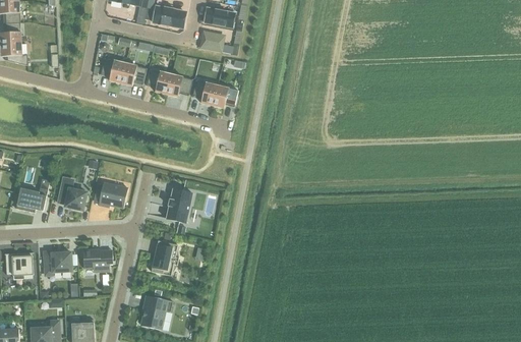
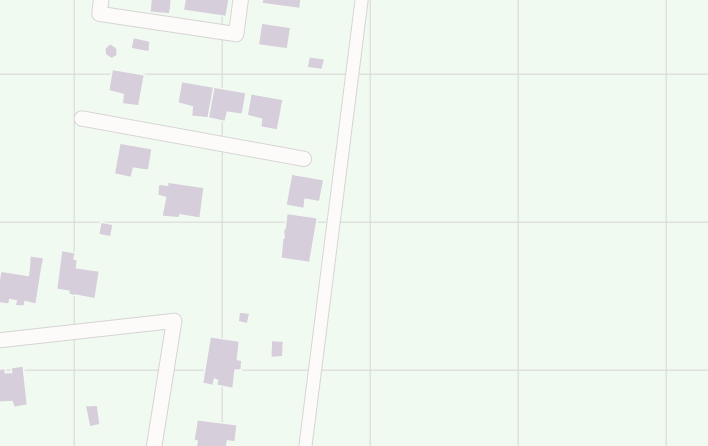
building: [119,61,146,84] -> [114,143,152,177]
building: [211,83,237,107] -> [286,174,324,208]
building: [95,181,126,207] -> [158,182,204,218]
building: [165,187,191,221] -> [281,214,318,262]
building: [81,248,112,271] -> none
building: [43,250,70,274] -> none

